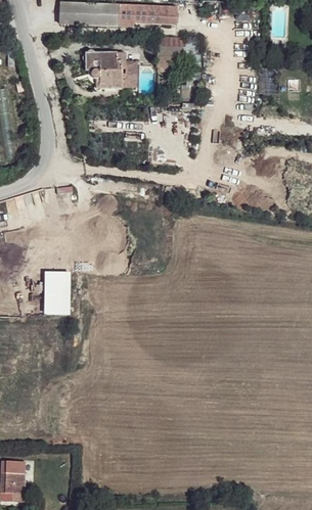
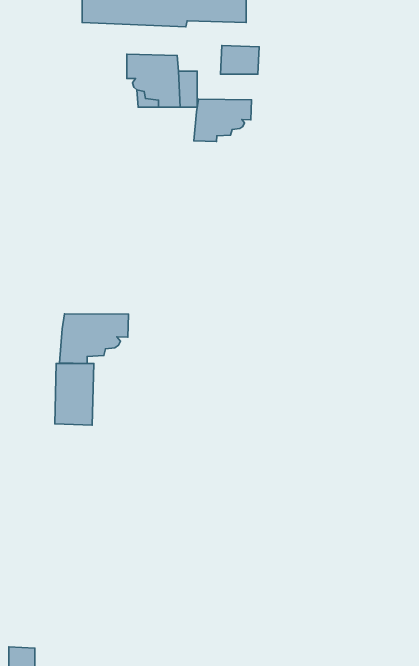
building: none -> [194,99,252,142]
building: none -> [60,314,128,363]

